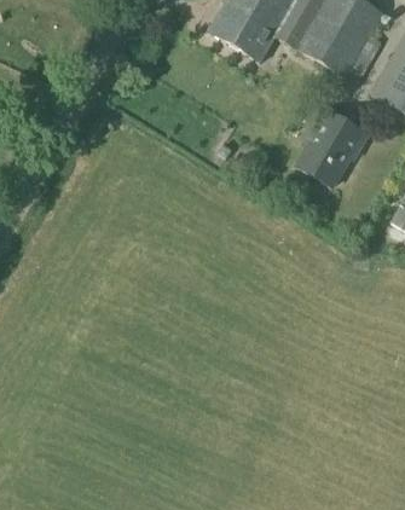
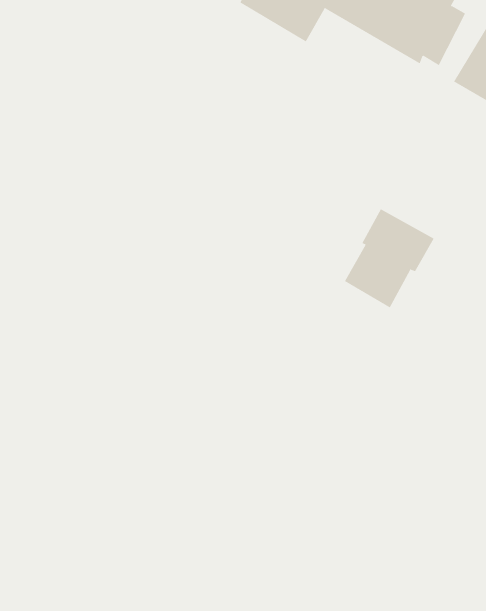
building: [297,109,366,185] -> [344,208,434,308]

